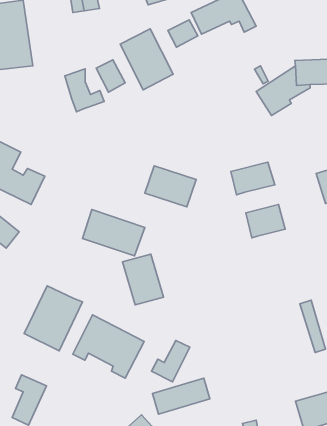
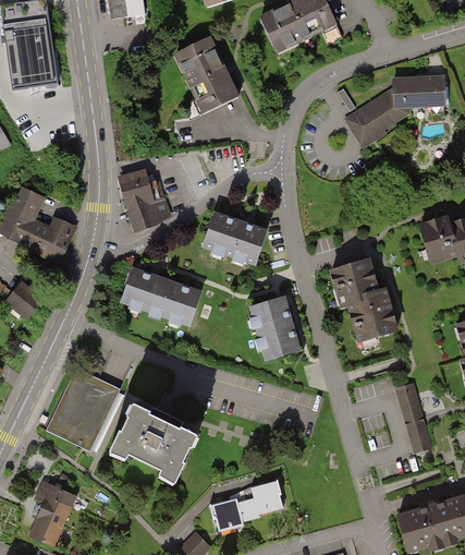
building: [168,20,198,47] -> none
building: [96,60,125,92] -> none
building: [65,69,104,112] -> [119,168,169,222]
building: [231,162,275,195] -> none
building: none -> [344,291,396,342]
building: [122,254,164,305] -> [247,297,299,361]
building: [152,340,190,382] -> none

